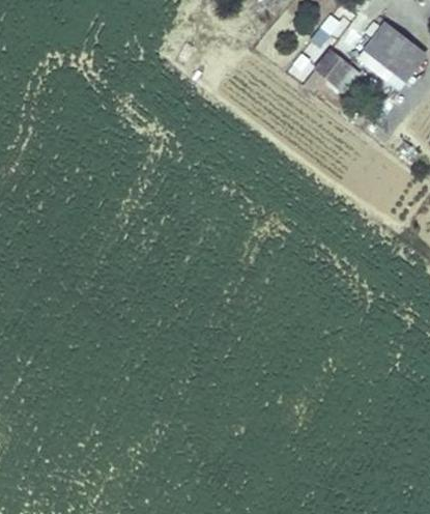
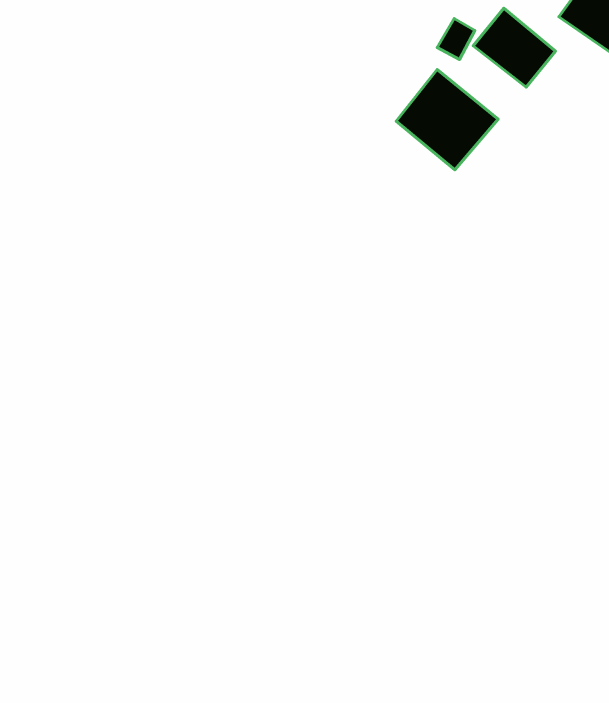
building: none -> [396,69,498,170]

